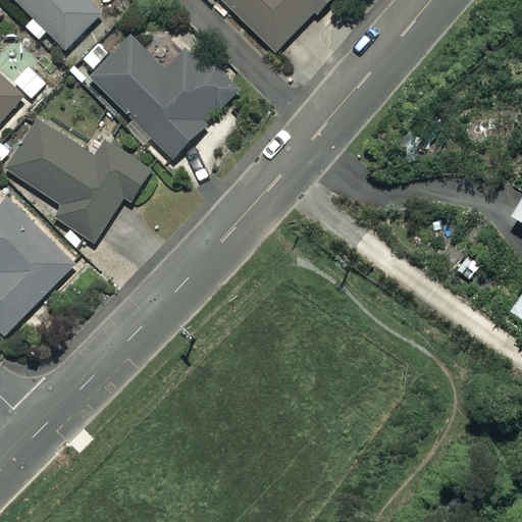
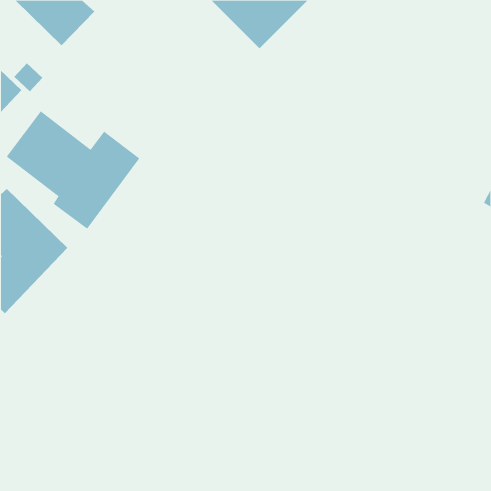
building: [89,35,238,158] -> none

